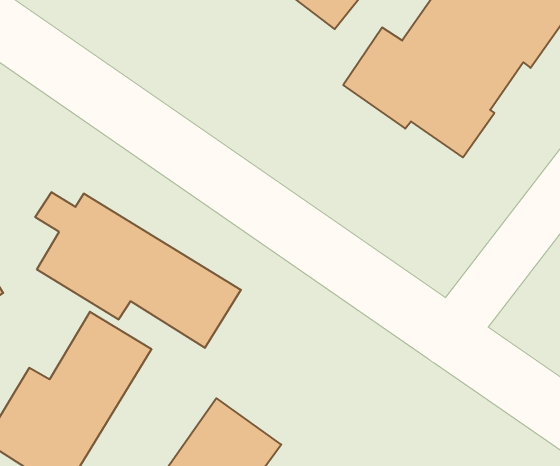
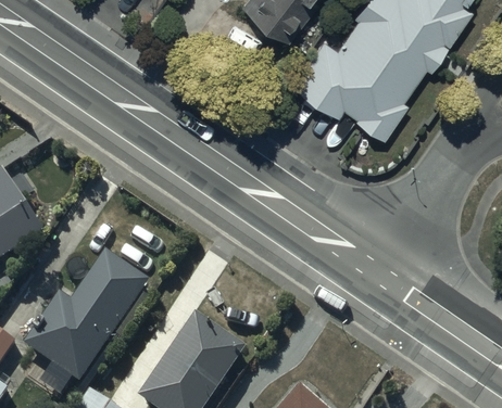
building: [35,192,241,348] -> none

